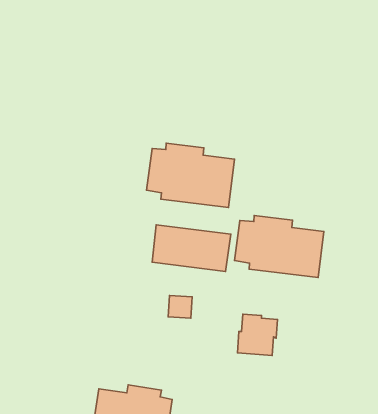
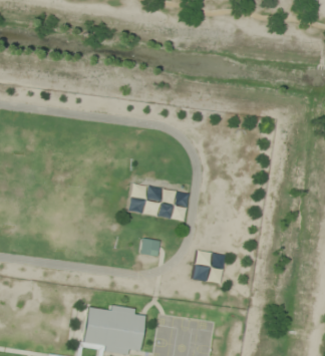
building: [147,143,234,207] -> none
building: [235,216,324,278] -> none

